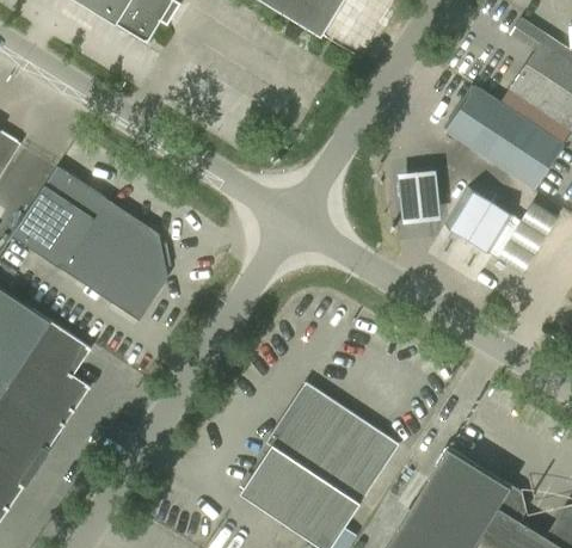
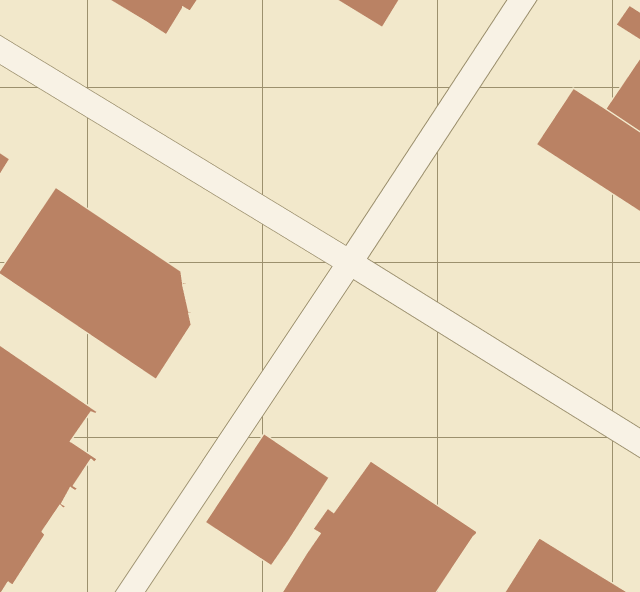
building: [398,160,439,214] -> none
building: [443,186,521,259] -> none
building: none -> [205,434,329,566]

